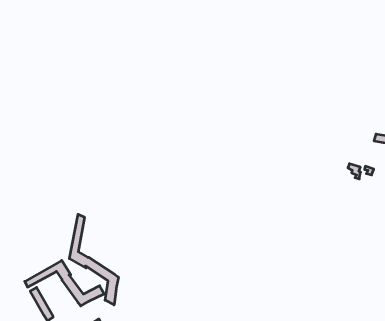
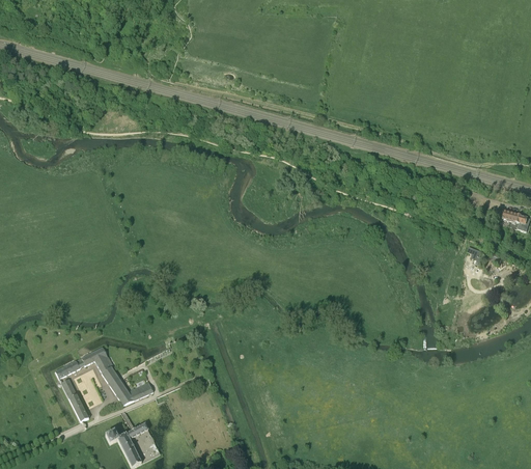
building: [69,214,118,305] -> none

